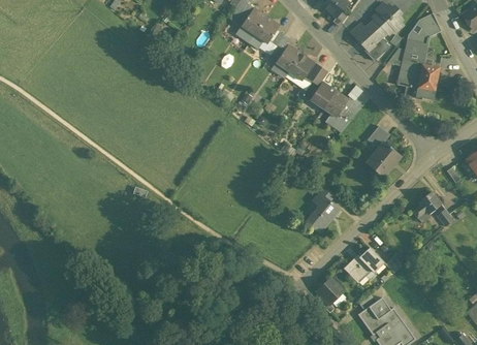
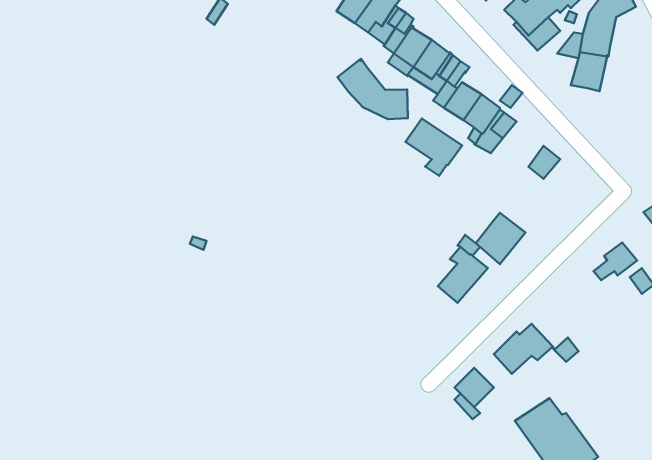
building: [406,63,439,100] -> none
building: none -> [338,59,408,119]
building: none -> [406,118,462,176]
building: [367,142,401,177] -> [476,213,526,264]

